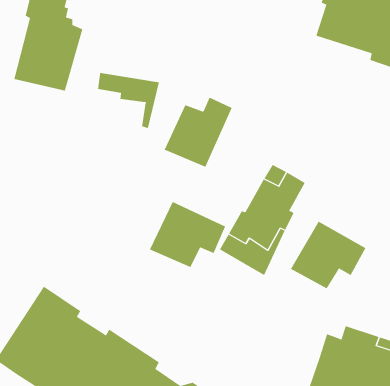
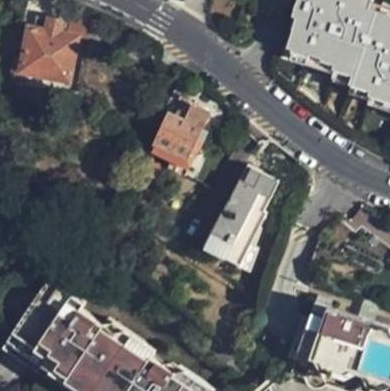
building: [97,72,160,129] -> none
building: [149,201,226,268] -> none
building: [290,221,366,289] -> none

